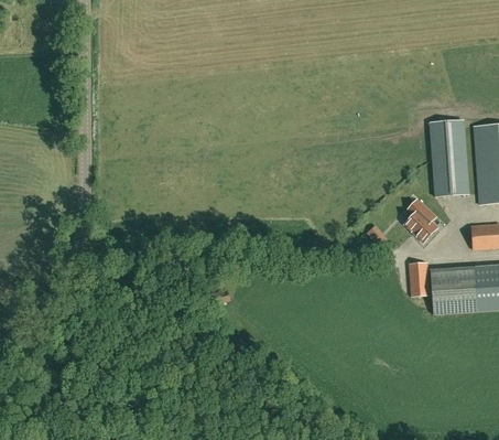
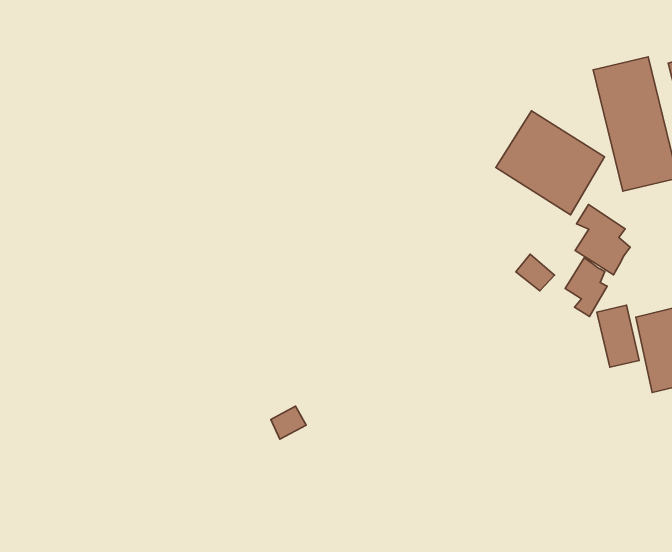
building: none -> [496,111,604,215]
building: none -> [565,258,607,317]

